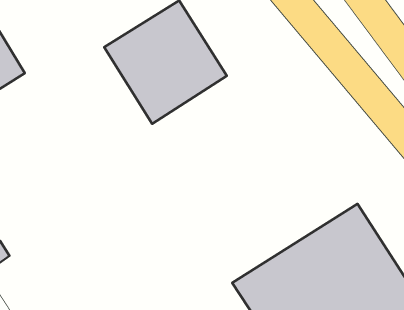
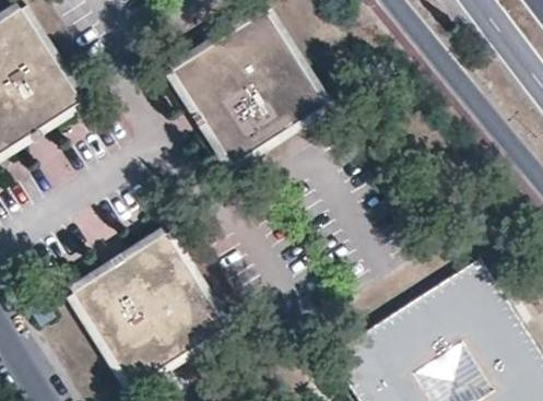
building: none -> [72,235,221,385]

